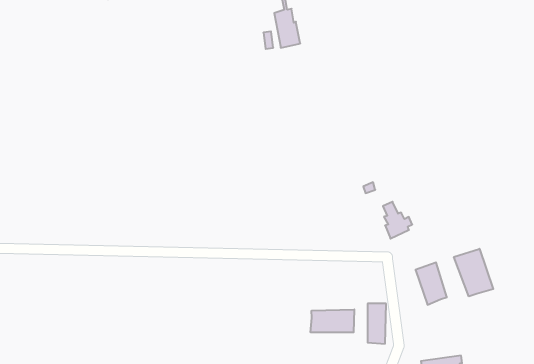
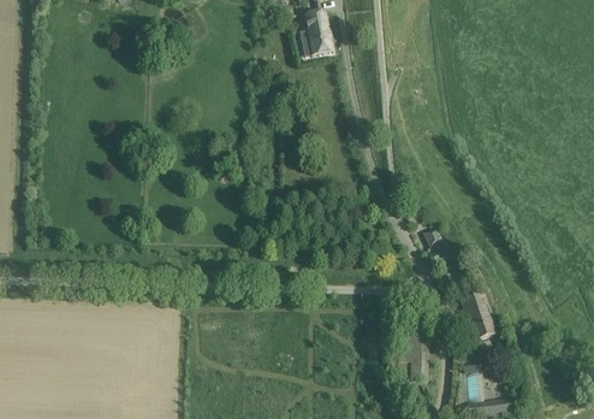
building: [454,249,493,296] -> none
building: [311,309,354,332] -> none

